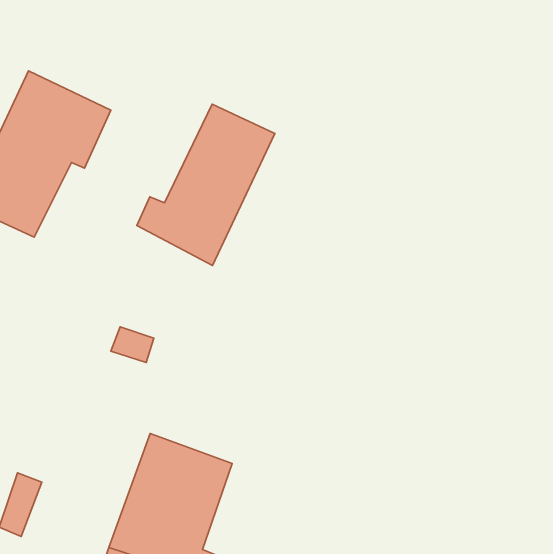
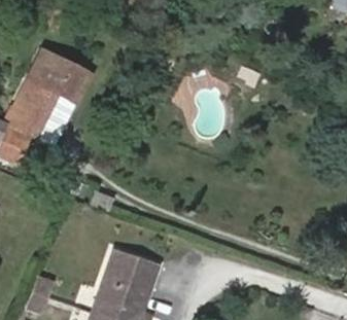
building: [137,104,275,265] -> none

